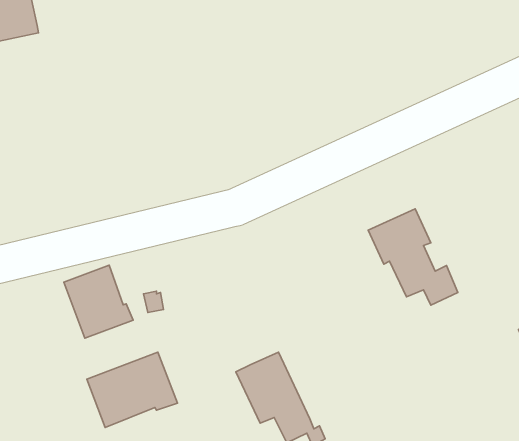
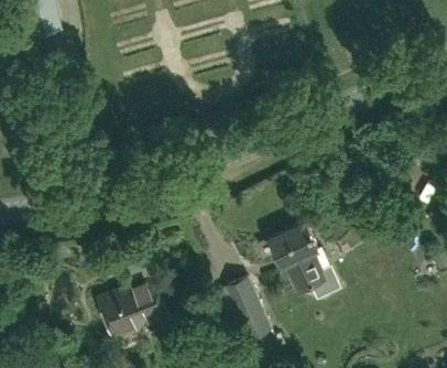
building: [368,209,458,305] -> [269,225,338,300]
building: [64,265,133,338] -> none

